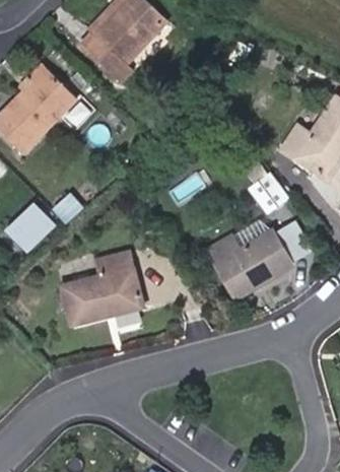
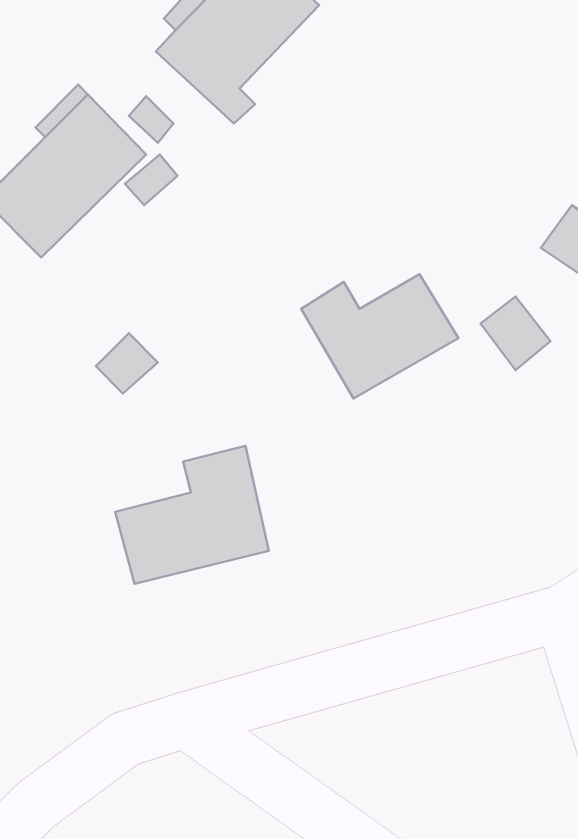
building: [6,203,55,253] -> none
building: [210,230,292,295] -> [301,274,459,398]

